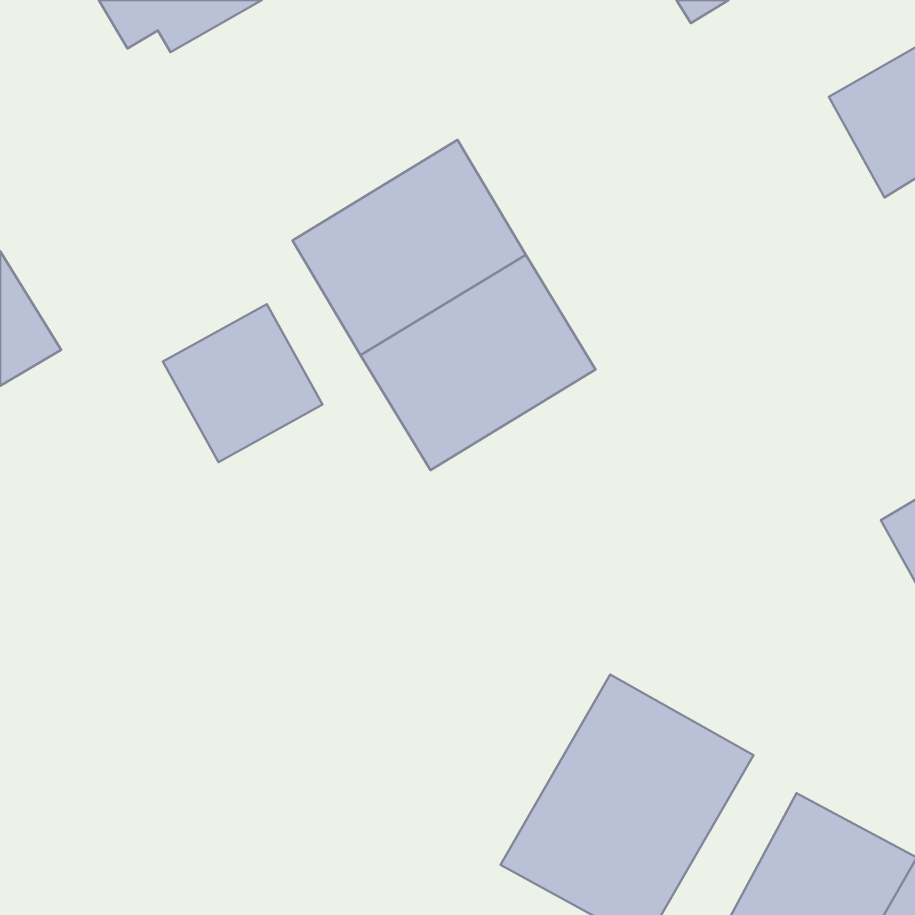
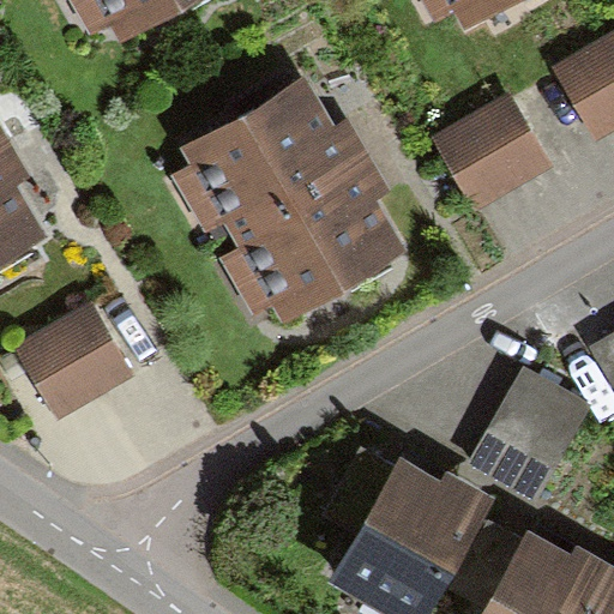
building: none -> [433,90,543,198]
building: [163,304,322,462] -> [18,311,125,416]
building: none -> [471,371,583,496]

